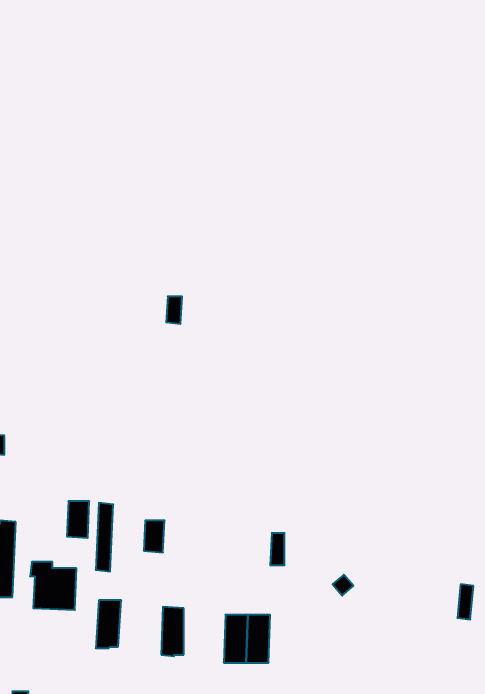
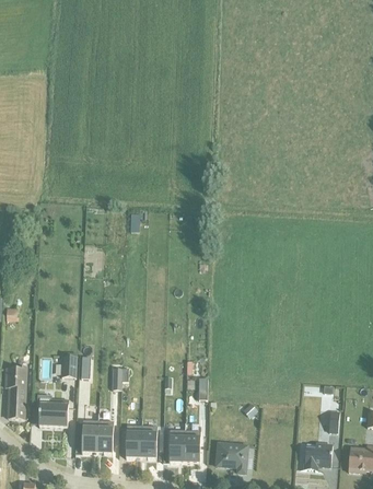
building: none -> [95,420,113,454]
building: none -> [140,426,155,458]
building: none -> [214,441,246,473]
building: none -> [303,442,331,470]

